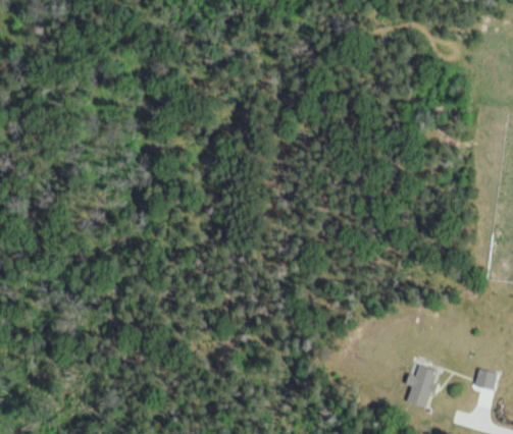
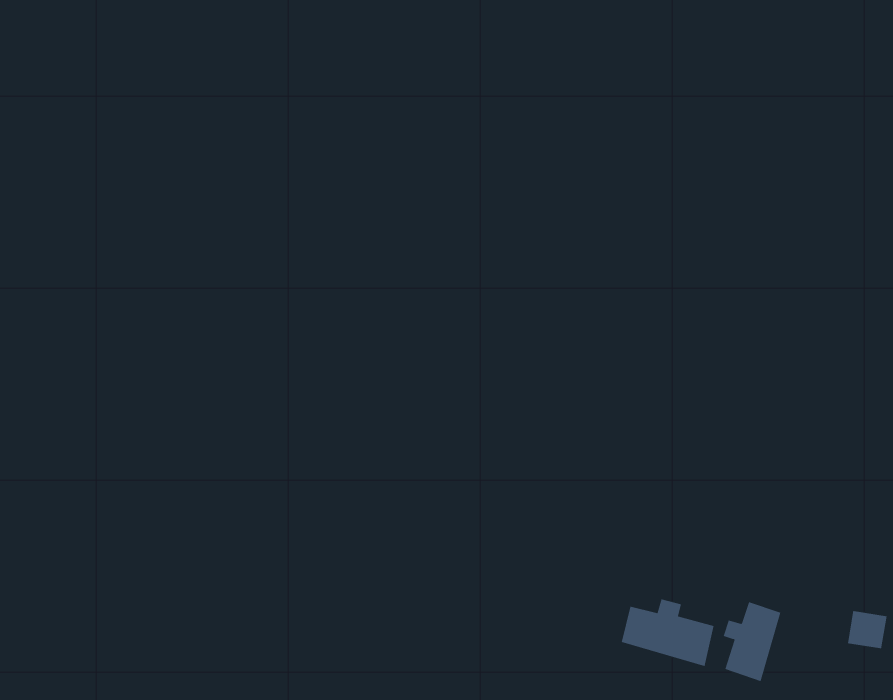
building: none -> [621,599,714,667]

